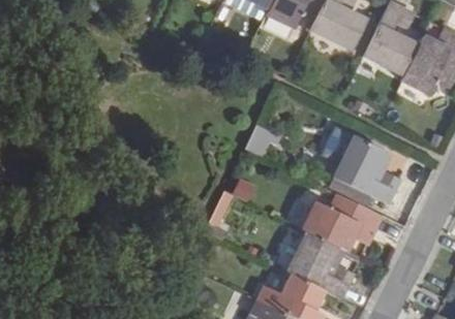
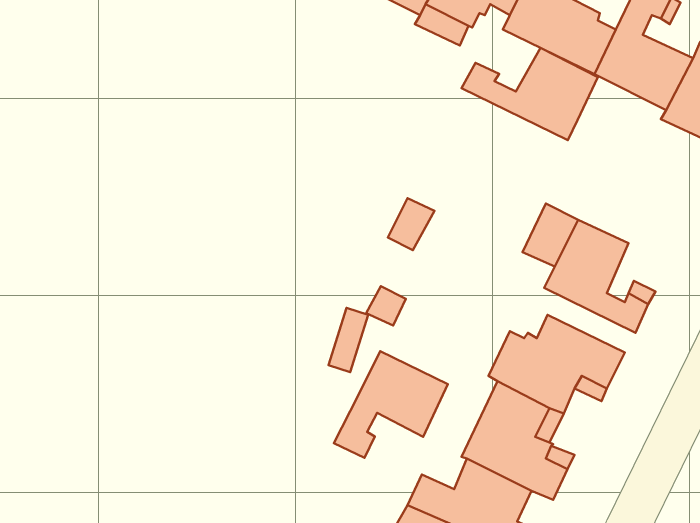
building: none -> [461,48,598,140]
building: none -> [334,351,448,458]

